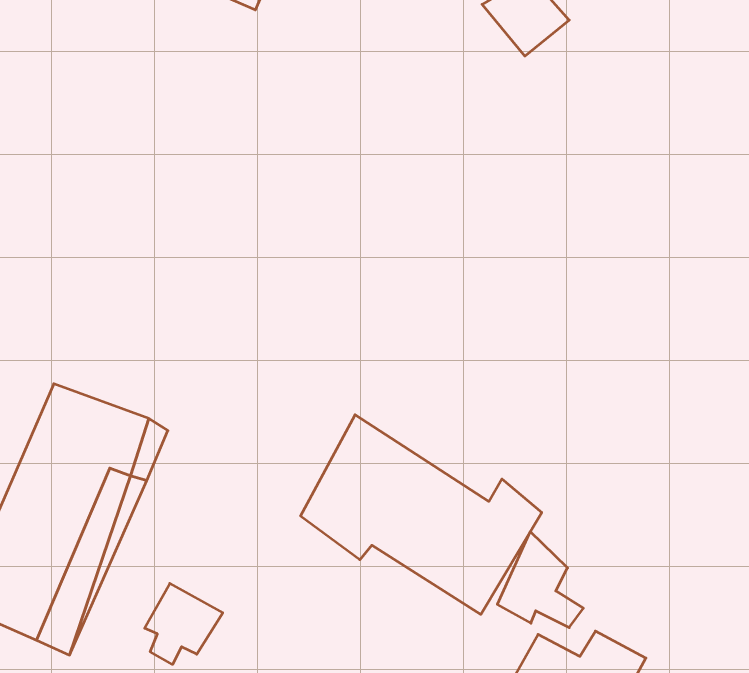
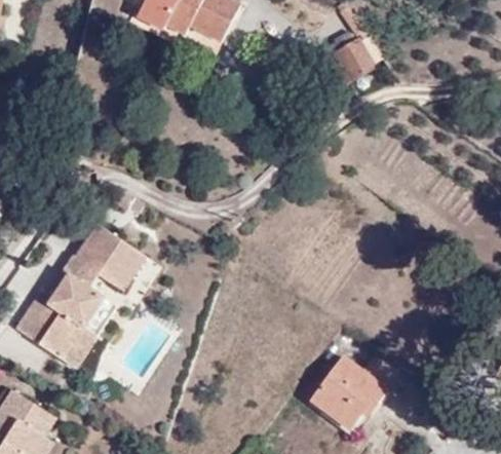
building: [301,415,542,614] -> none
building: [145,583,223,664] -> none

